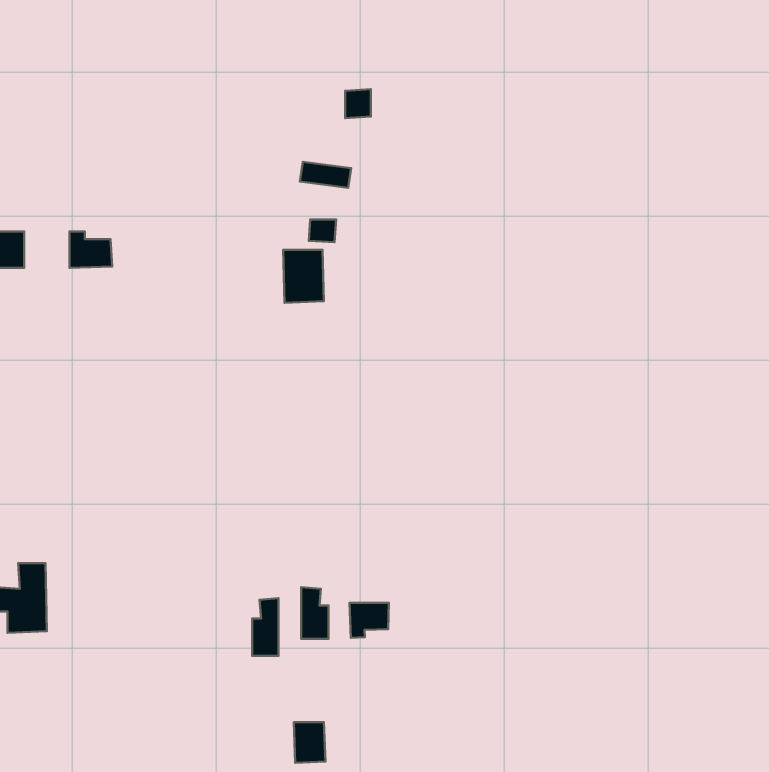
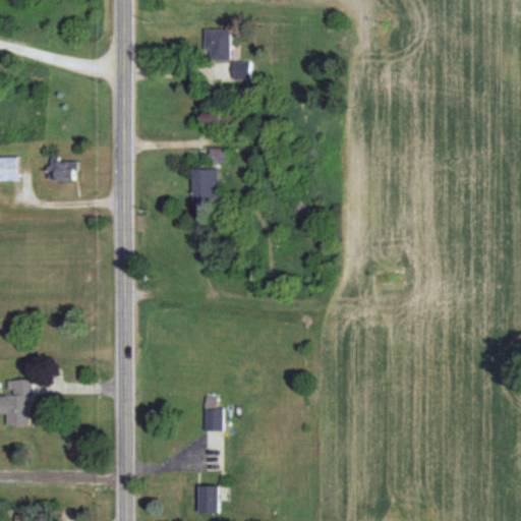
building: none -> [204,30,230,60]
building: [252,598,279,656] -> none
building: [350,603,389,638] -> none

